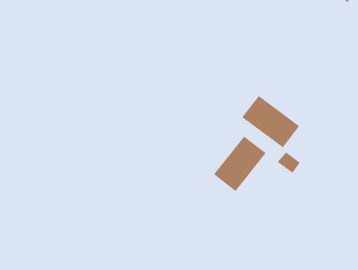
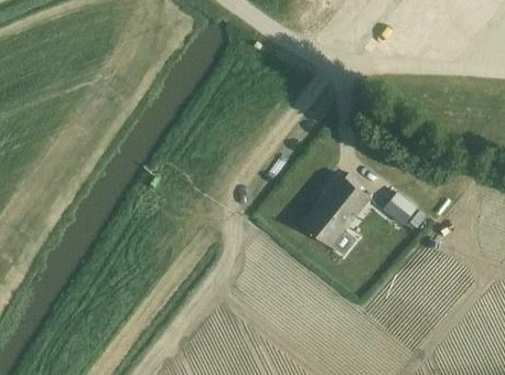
building: [242,95,300,148] -> none

